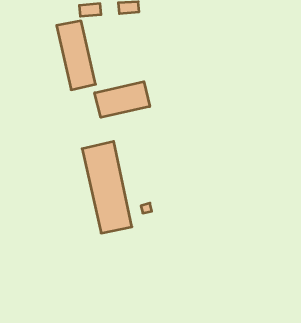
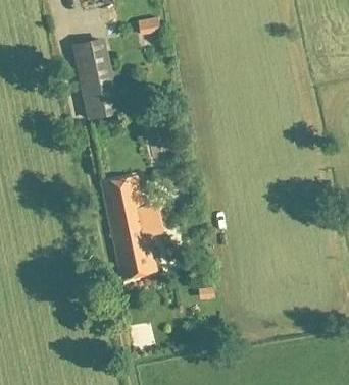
building: [95,82,150,117] -> none

